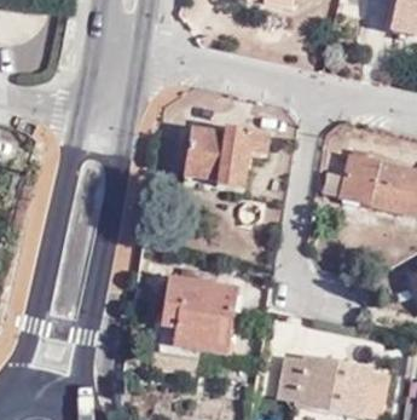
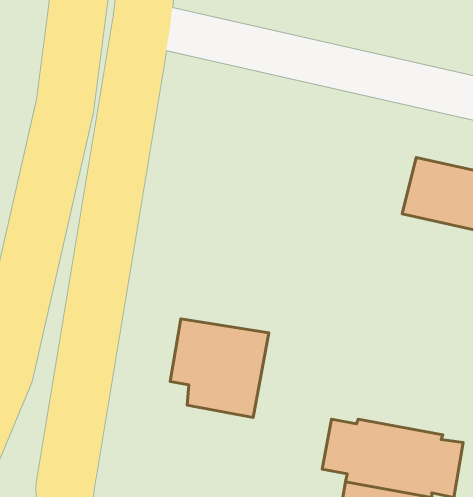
building: [183,127,268,188] -> none

